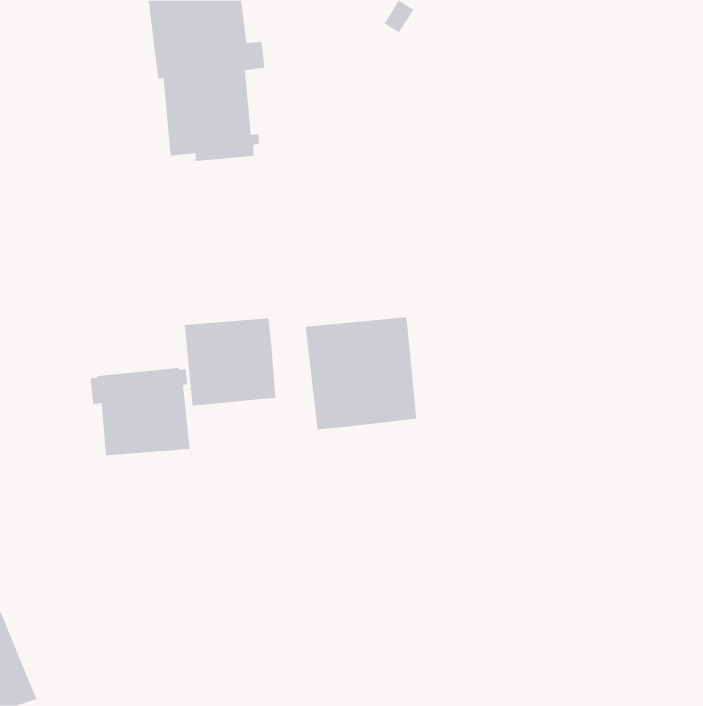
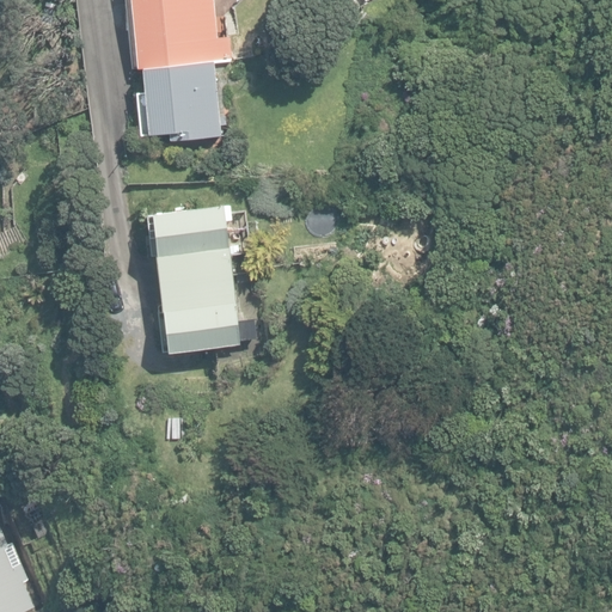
building: [305,317,417,430] -> none
building: [90,367,191,456] -> [146,204,233,281]

